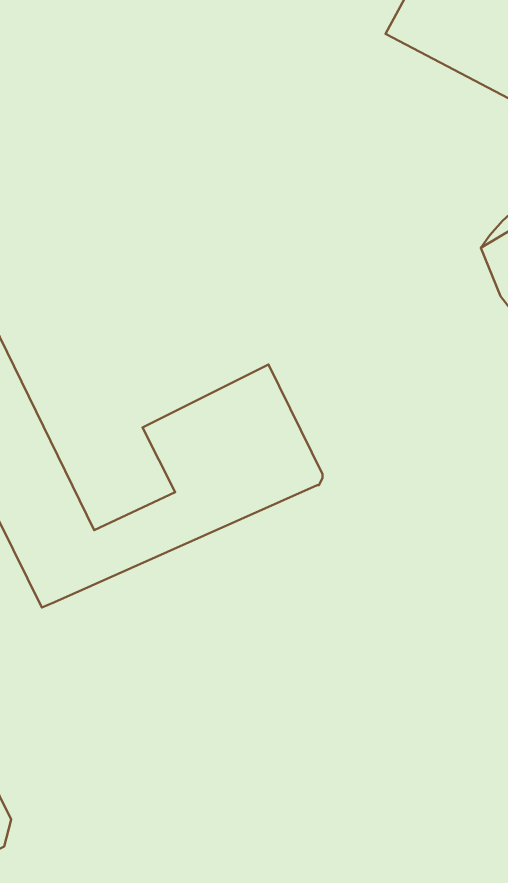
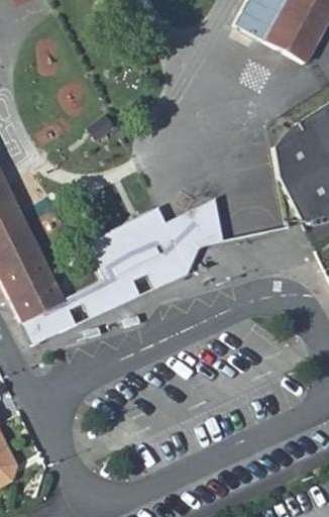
building: none -> [192,200,223,245]

